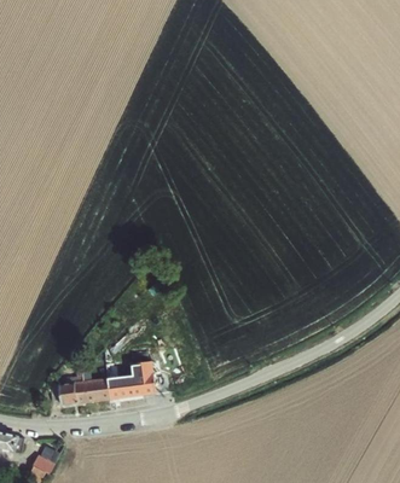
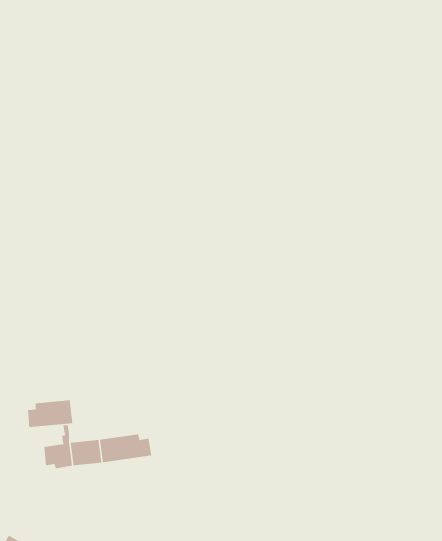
building: none -> [28,400,73,428]

